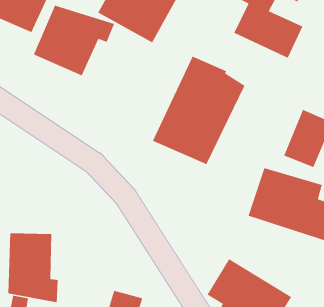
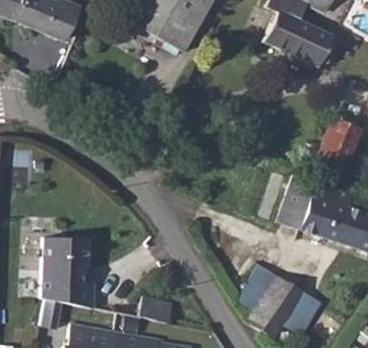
building: [33,5,115,77] -> none
building: [152,56,245,165] -> none

